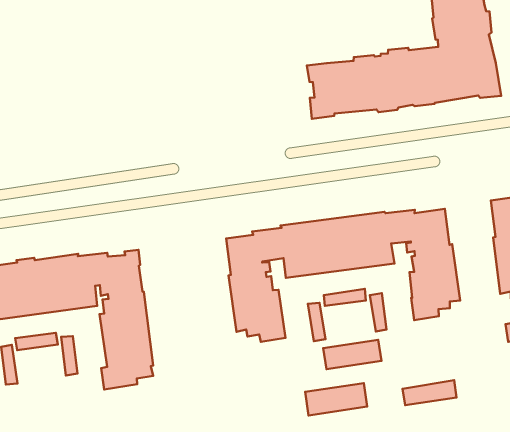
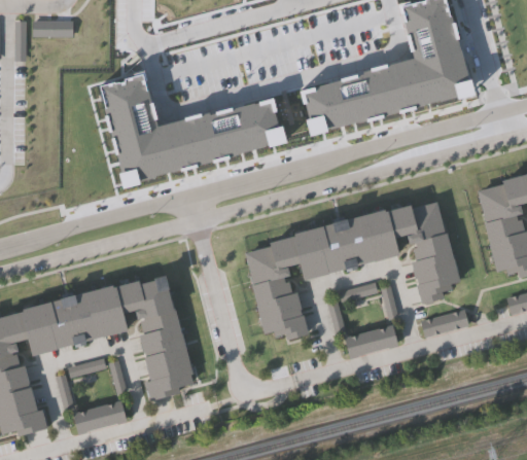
building: none -> [100,69,287,187]
building: [402,380,457,405] -> [419,309,468,337]
building: none -> [72,396,131,430]
building: [305,383,367,415] -> none

